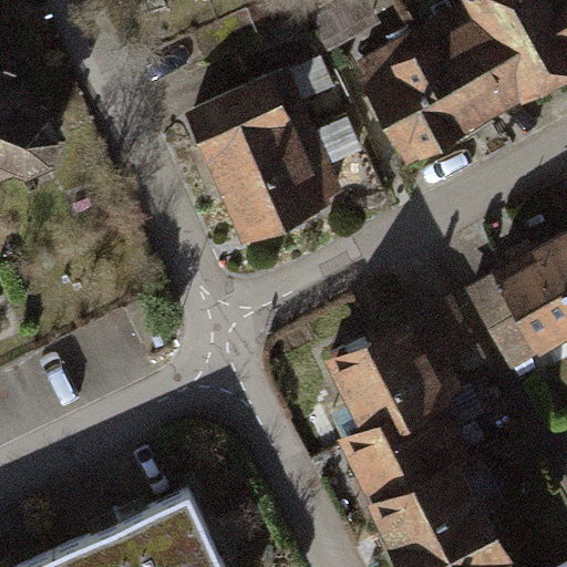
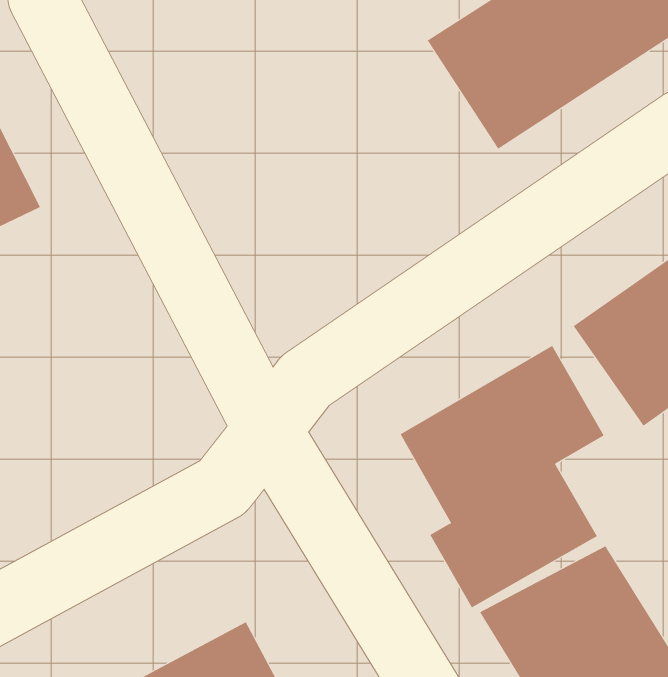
building: [186,74,338,243] -> none

